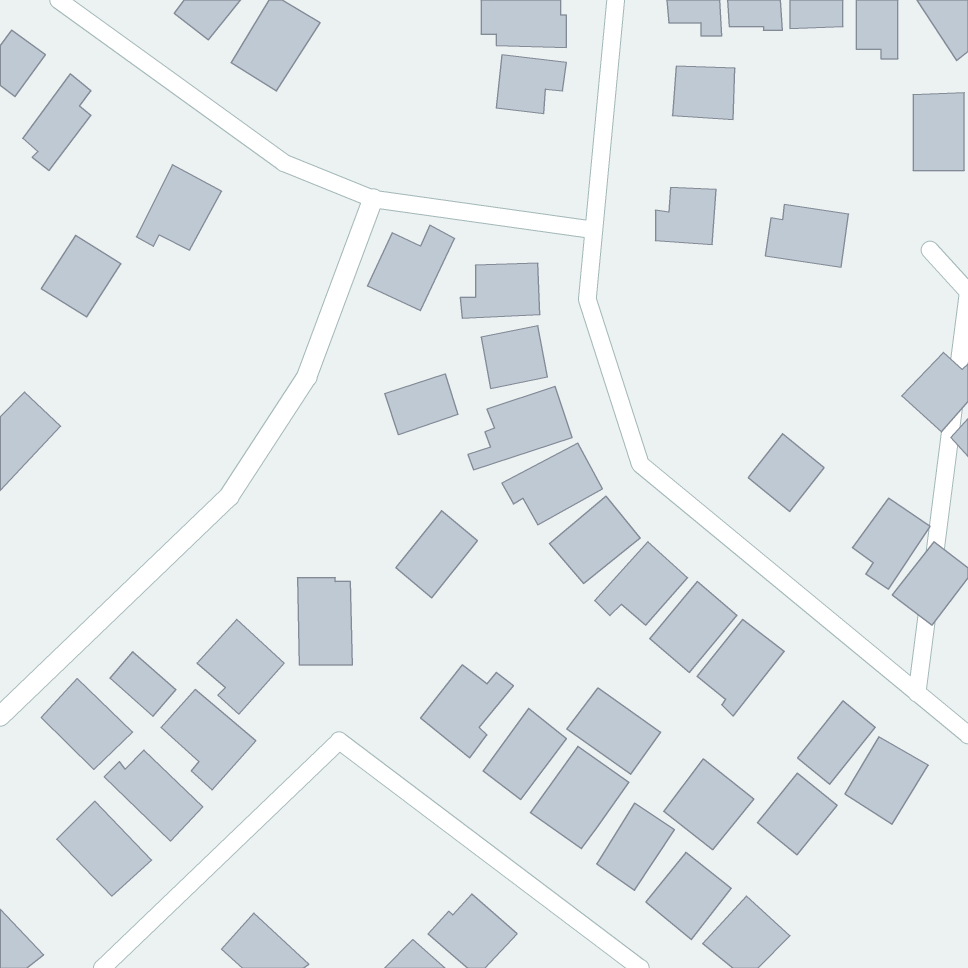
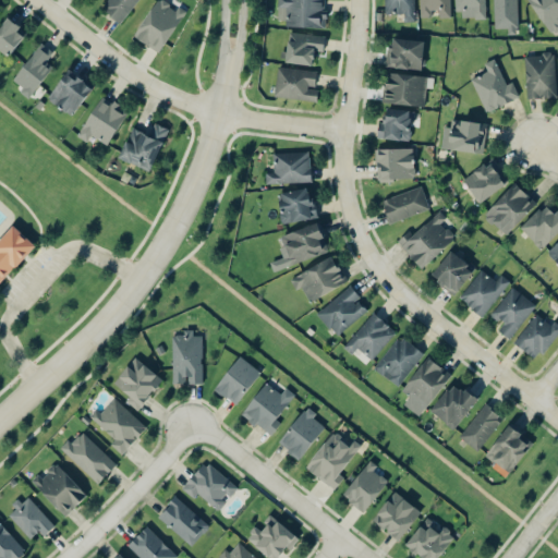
building: none -> [471,54,521,112]
building: none -> [275,66,318,101]
building: none -> [384,73,426,105]
building: [367,225,455,311] -> [119,122,169,171]
building: [41,235,121,317] -> [48,69,94,116]
building: none -> [376,147,414,180]
building: none -> [463,157,510,203]
building: none -> [484,182,536,235]
building: none -> [380,185,429,223]
building: none -> [404,211,454,265]
building: [385,374,458,435] -> none
building: none -> [458,269,510,316]
building: [396,511,477,598] -> [214,355,260,405]
building: [110,652,176,716] -> none
building: [41,679,133,769] -> none
building: [567,688,661,774] -> none
building: [664,759,754,850] -> none
building: [757,773,837,855] -> [430,381,476,428]
building: none -> [181,460,239,511]
building: none -> [7,495,54,538]
building: none -> [158,496,209,546]

